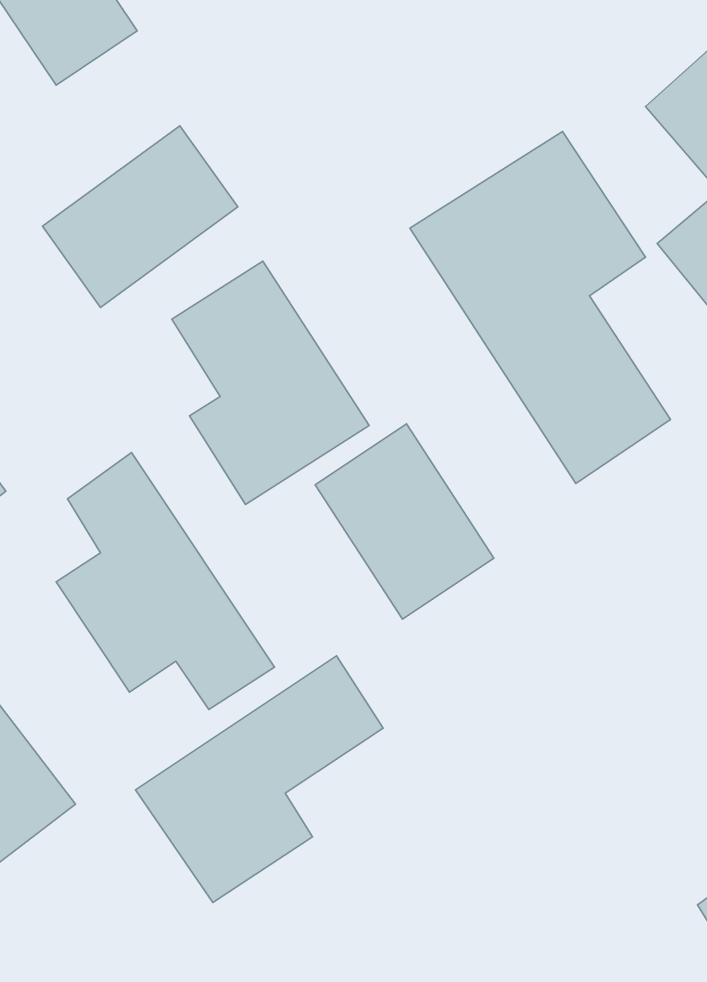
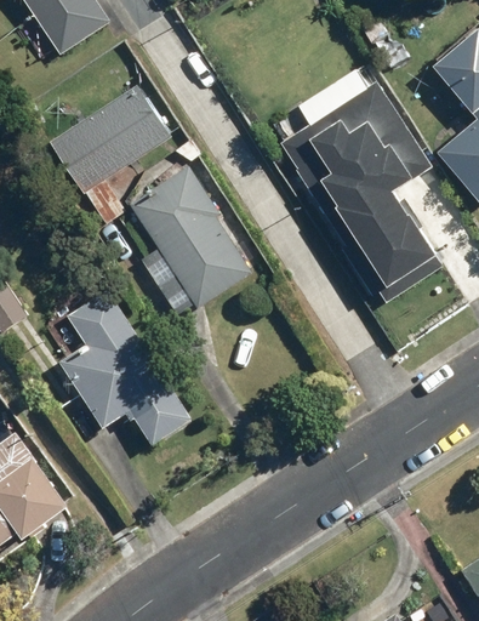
building: [315,424,494,619] -> none
building: [135,656,383,902] -> none

